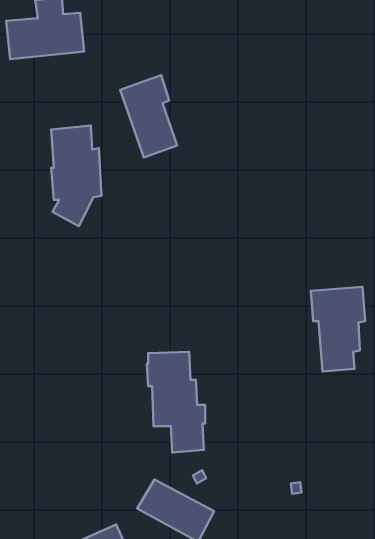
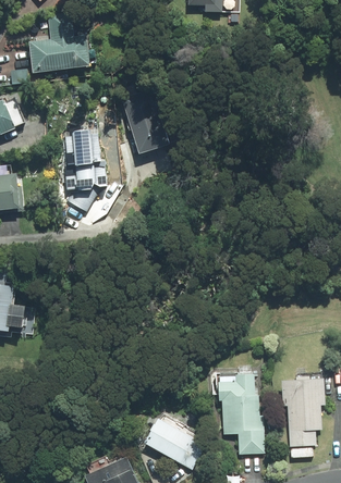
building: [311,287,365,372] -> [278,376,322,446]
building: [147,352,205,453] -> [216,371,264,454]

